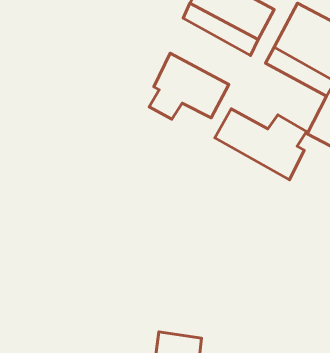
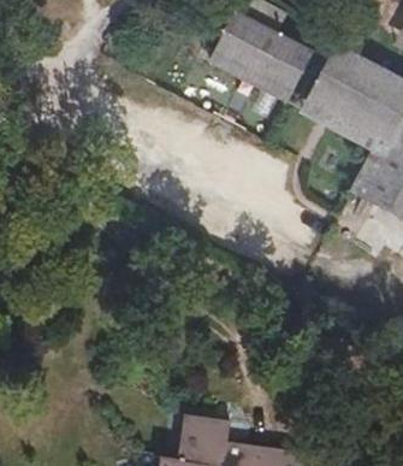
building: [149,53,229,119] -> none
building: [215,109,307,180] -> none

